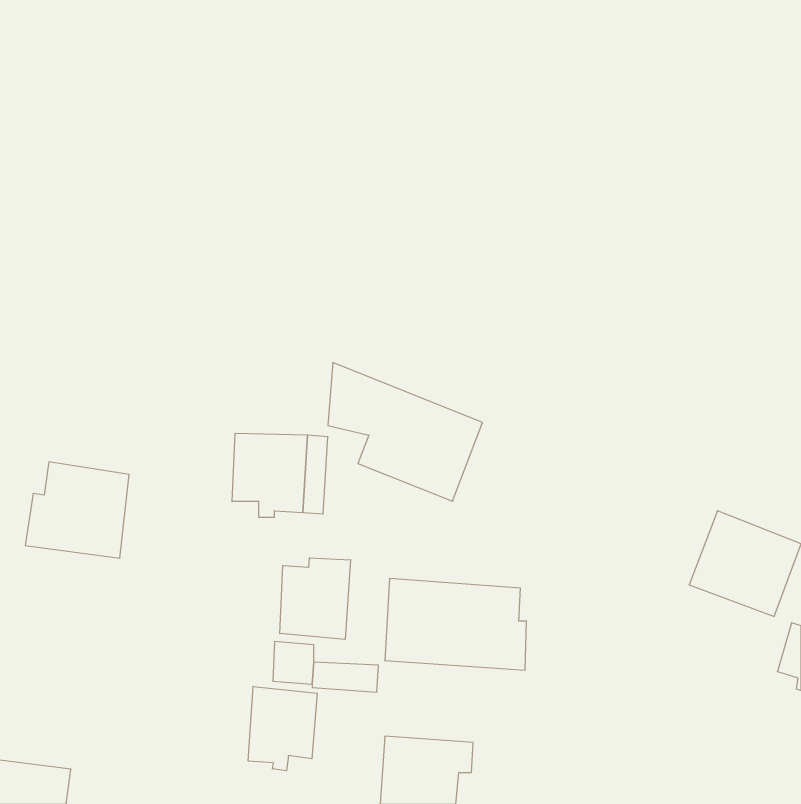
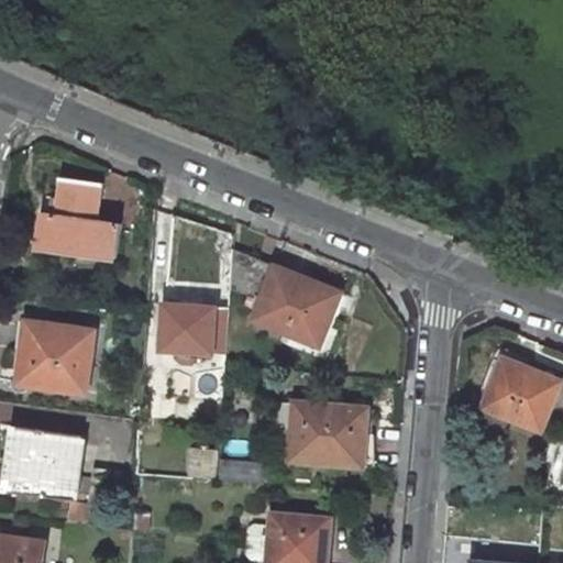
building: none -> [35,175,132,262]
building: [280,558,351,639] -> none
building: none -> [9,423,82,497]
building: [248,686,317,771] -> none

